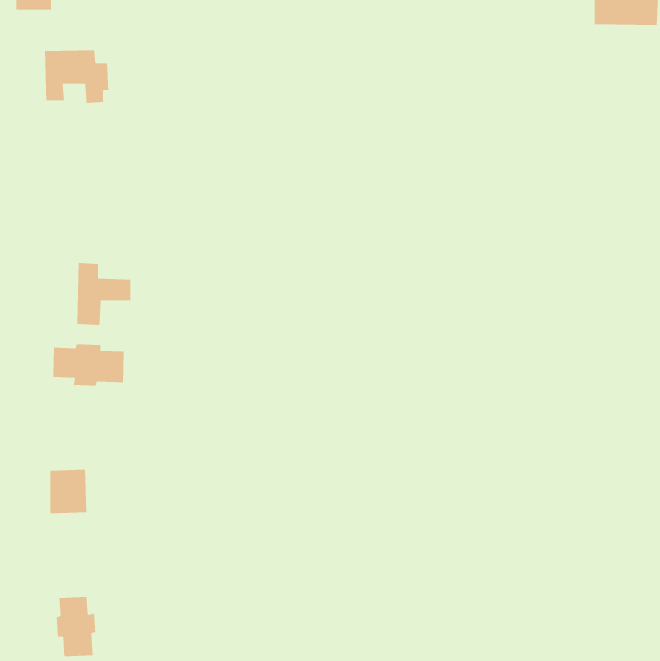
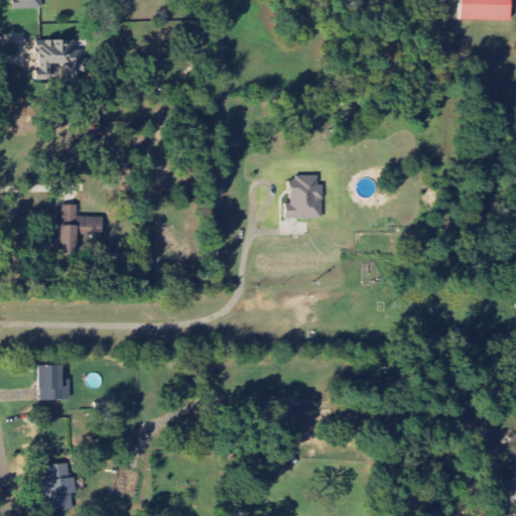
building: none -> [284,175,321,219]
building: [53,344,124,386] -> none

